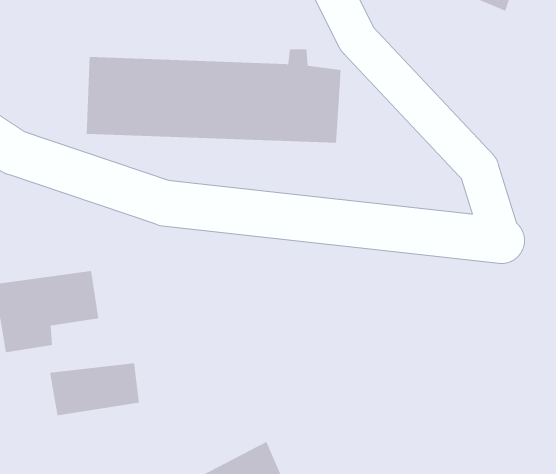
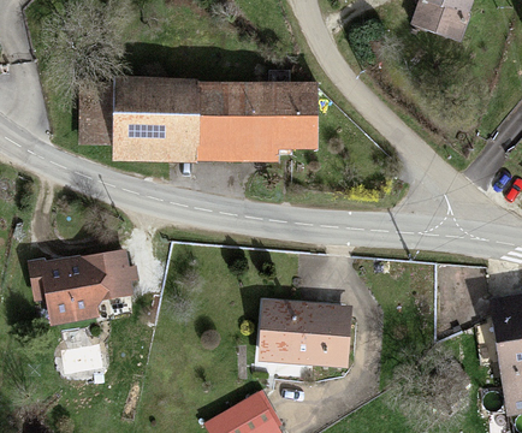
building: none -> [265,307,346,368]
building: [50,362,140,416] -> none

